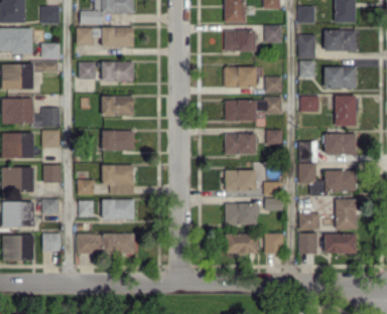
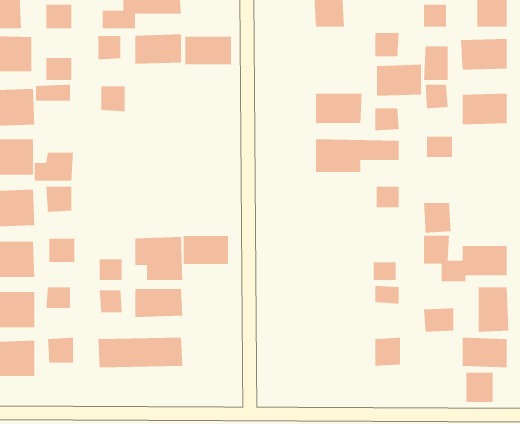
building: [225,29,256,51] -> [376,64,422,97]
building: [102,61,134,82] -> [185,36,232,65]
building: [102,95,134,116] -> none
building: [335,95,356,126] -> none
building: [103,130,134,150] -> [183,235,229,265]
building: [225,133,256,154] -> none
building: [325,133,356,155] -> none
building: [225,169,257,191] -> none
building: [225,202,257,224] -> none
building: [298,232,317,254] -> [466,372,494,403]
building: [227,233,257,253] -> none

